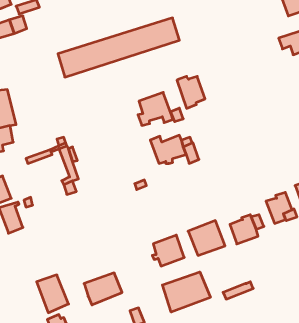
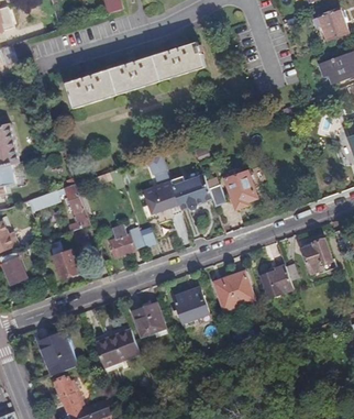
building: [177,76,205,108] -> [225,172,257,208]
building: [138,92,173,125] -> [142,180,181,218]
building: none -> [109,224,144,256]
building: none -> [52,249,80,279]
building: none -> [131,305,166,338]
building: [162,272,210,312] -> none

